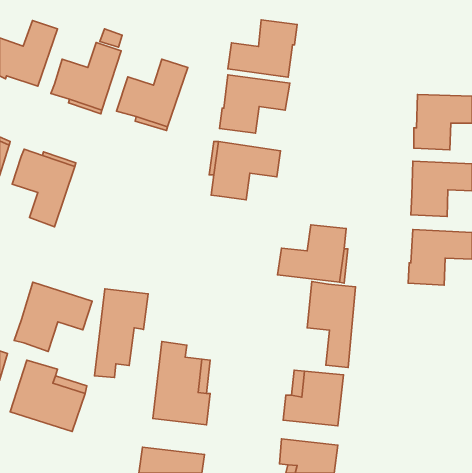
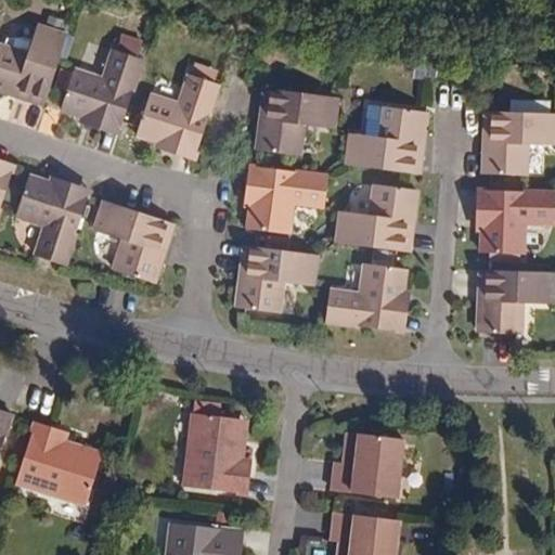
building: [228,20,297,77] -> [346,106,427,173]
building: none -> [335,184,417,251]
building: none -> [92,199,170,282]
building: none -> [236,245,318,312]
building: [307,281,356,367] -> none
building: [14,282,92,352] -> none
building: [94,289,148,378] -> none

